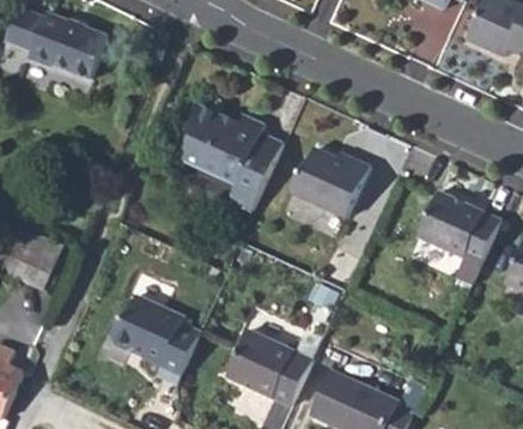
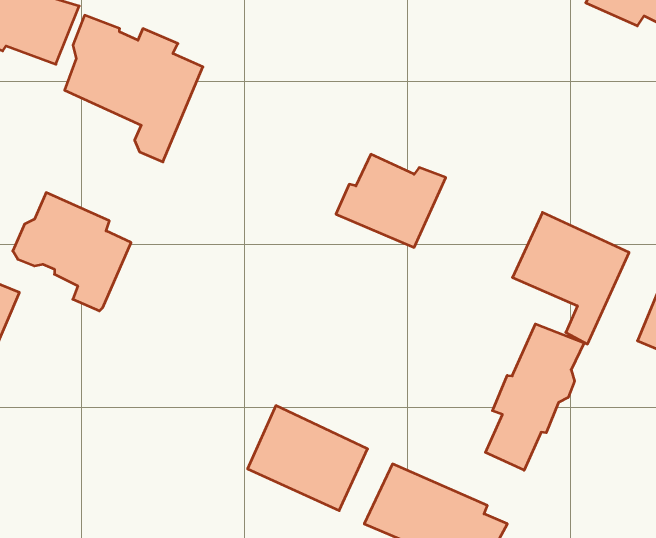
building: [181,104,280,210] -> [65,15,203,162]
building: none -> [485,324,584,470]
building: [111,298,196,383] -> [13,193,131,311]

